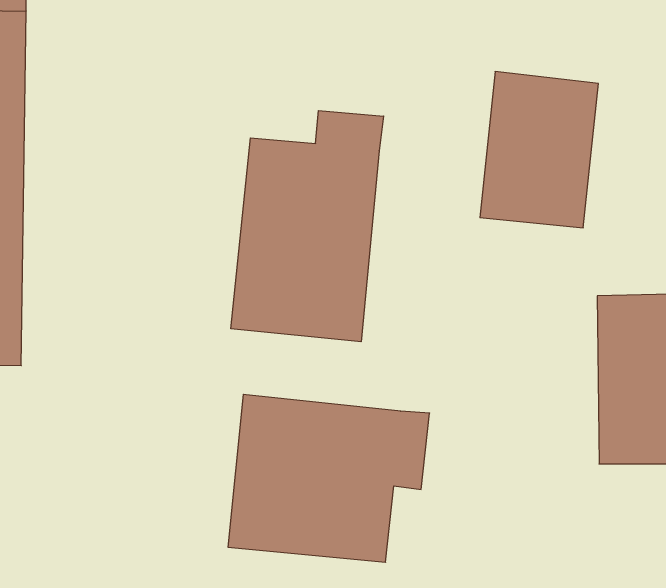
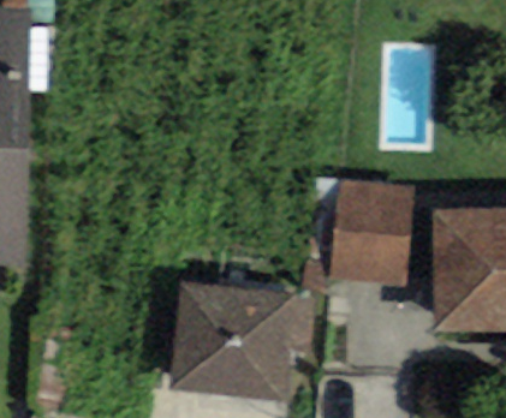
building: [480,72,598,228] -> [327,175,411,286]
building: [231,111,384,342] -> none

